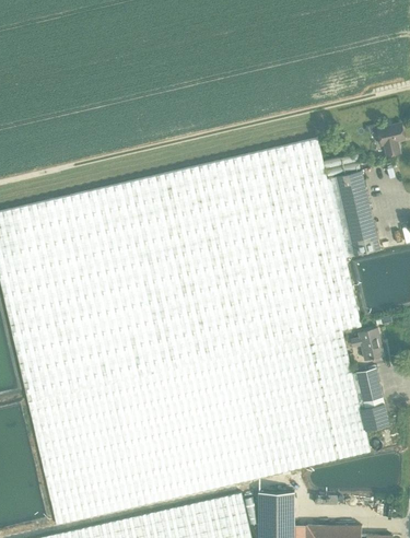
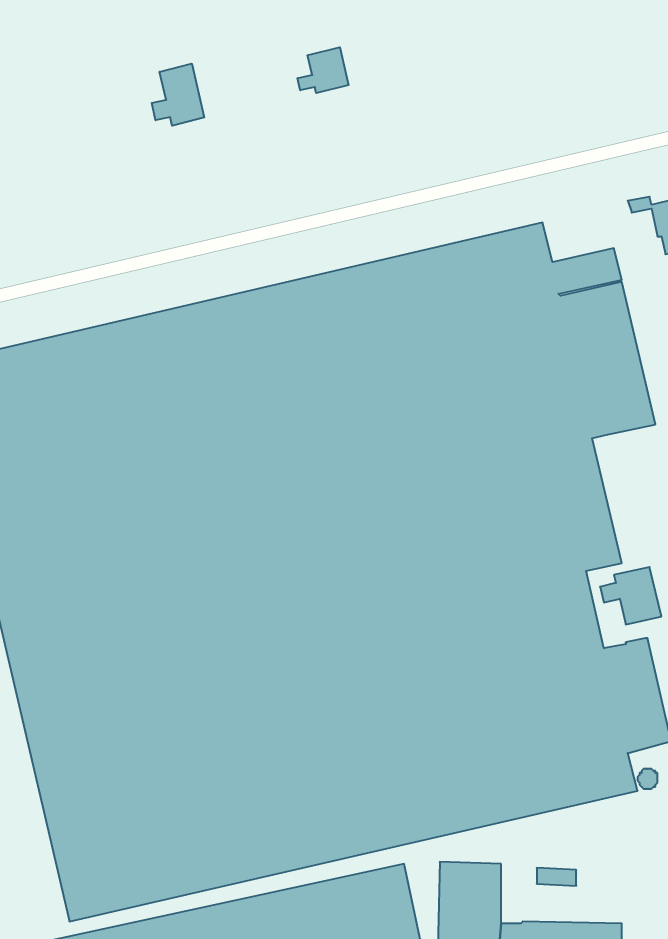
building: none -> [298,47,349,93]
building: none -> [152,64,204,126]

